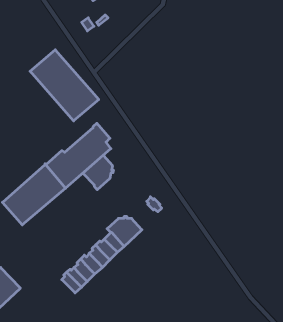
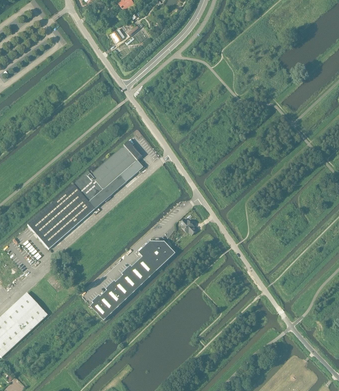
building: [30,50,99,121] -> none
building: [83,155,113,190] -> none

